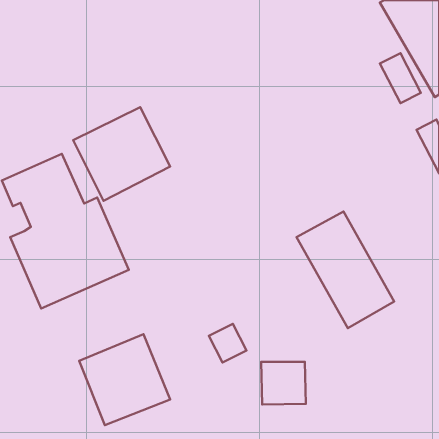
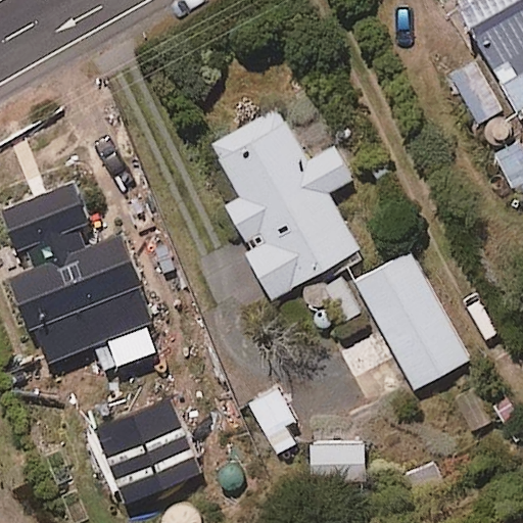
building: none -> [212,108,359,296]
building: [73,107,170,201] -> none

